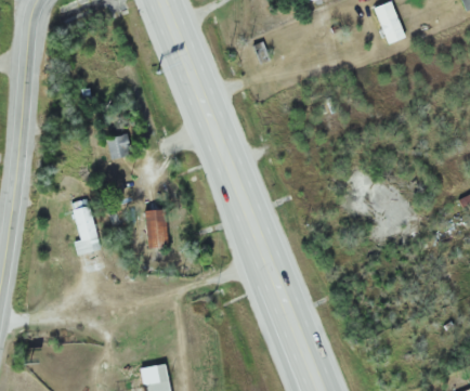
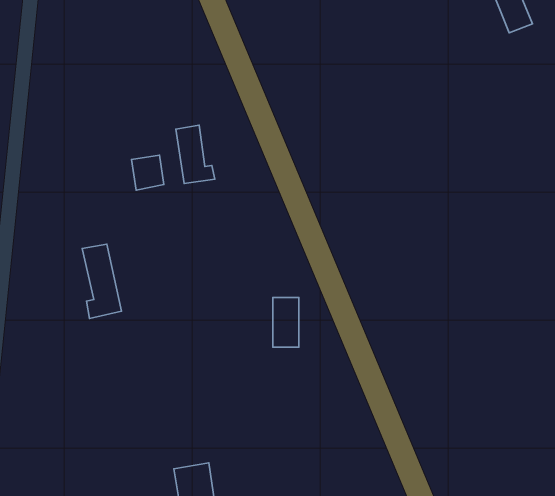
building: none -> [176,125,215,184]
building: [146,210,166,247] -> [273,297,299,347]

